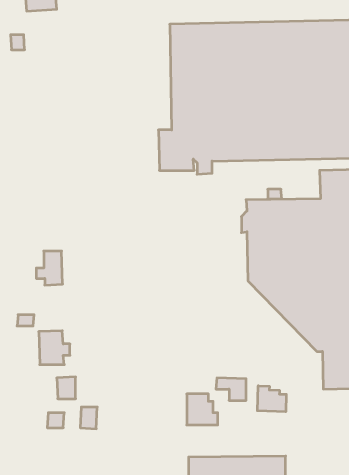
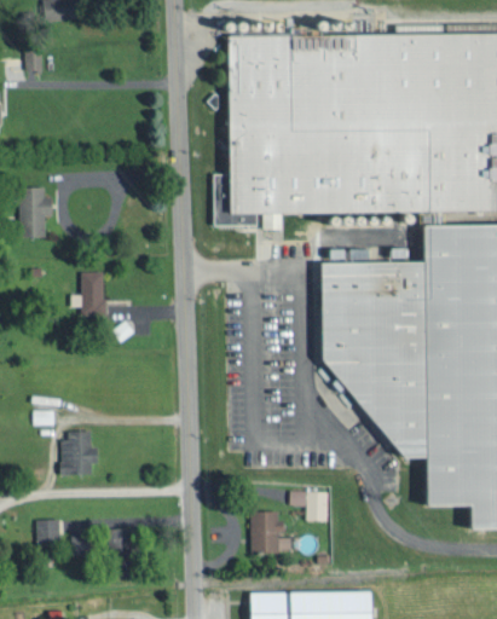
building: none -> [19,189,53,238]
building: [36,251,63,285] -> [71,273,105,317]
building: [57,377,76,399] -> [35,520,59,548]
building: [257,386,286,412] -> none

